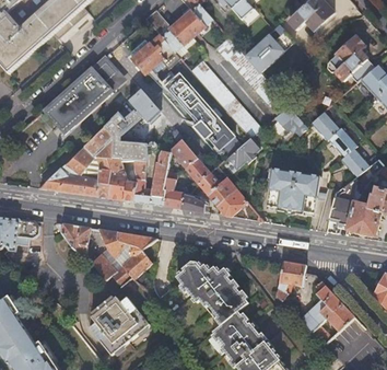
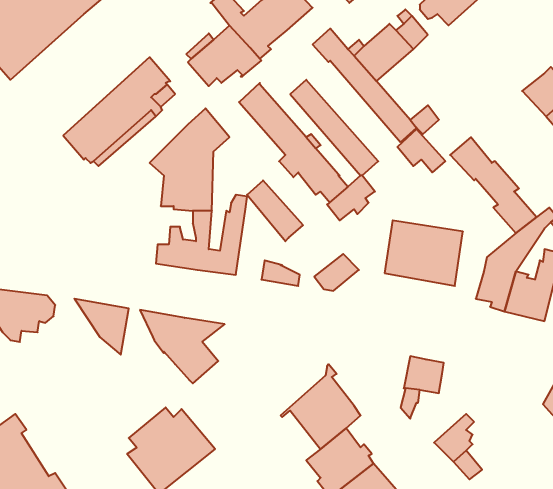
building: [327,36,375,82] -> none
building: [42,128,125,197] -> none
building: [164,160,185,208] -> none
building: [198,171,237,206] -> none
building: [92,247,132,286] -> none
building: [175,258,226,301] -> none
building: [317,286,354,331] -> none

